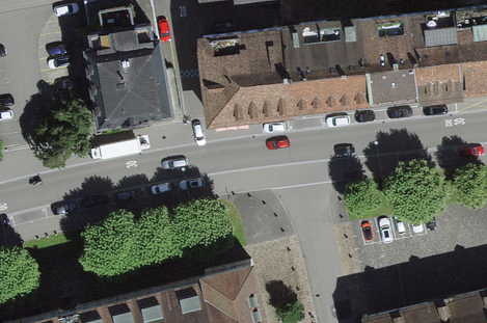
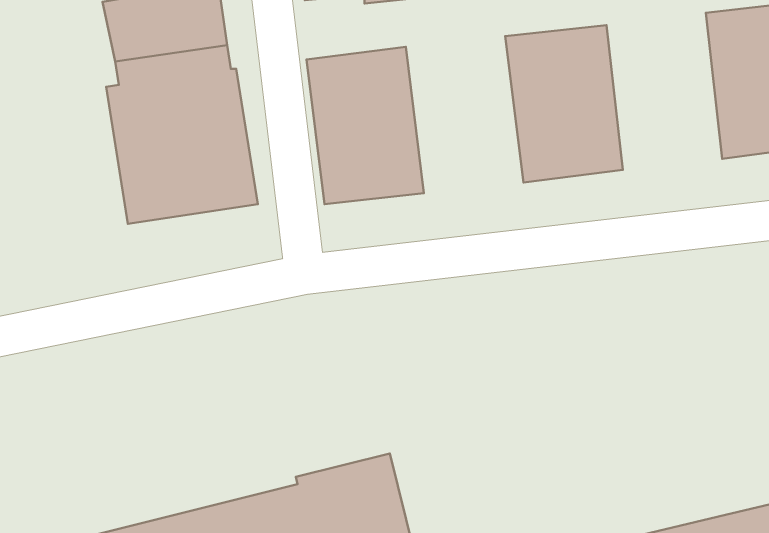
building: [373,9,439,100] -> none
building: [258,23,325,113] -> none

